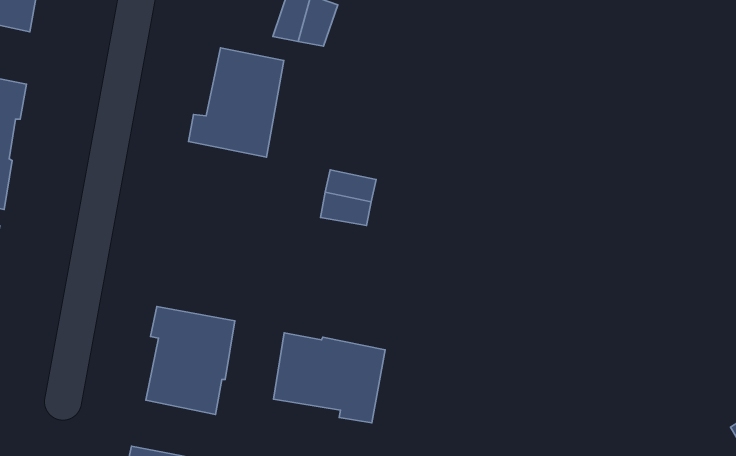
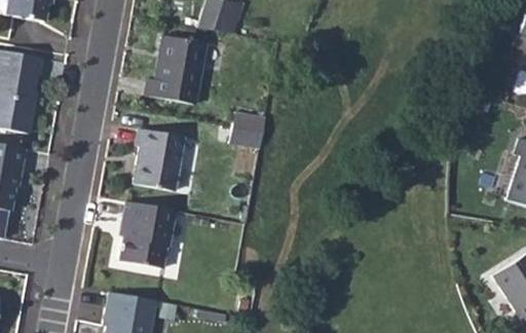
building: none -> [130,128,183,191]
building: [274,333,385,423] -> none

